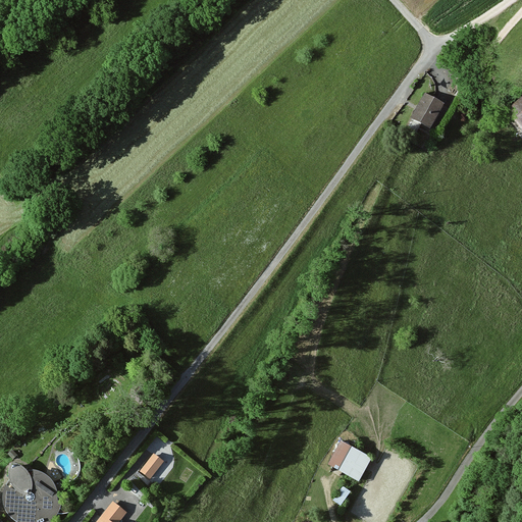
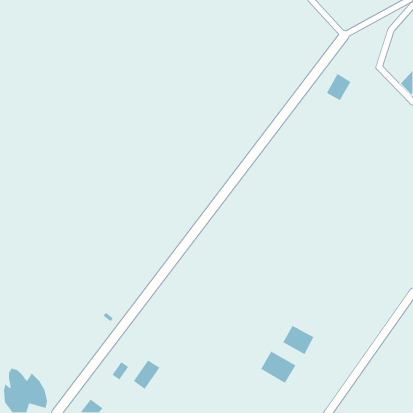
building: none -> [282,325,314,355]
building: none -> [133,359,161,390]

